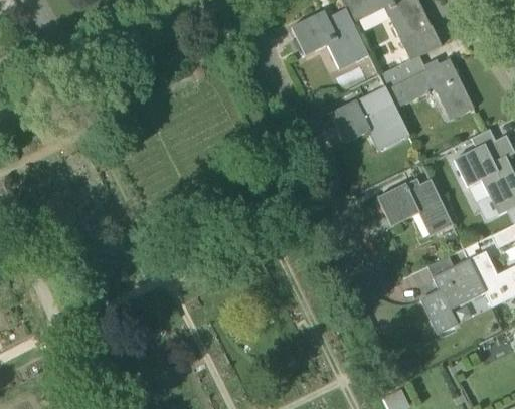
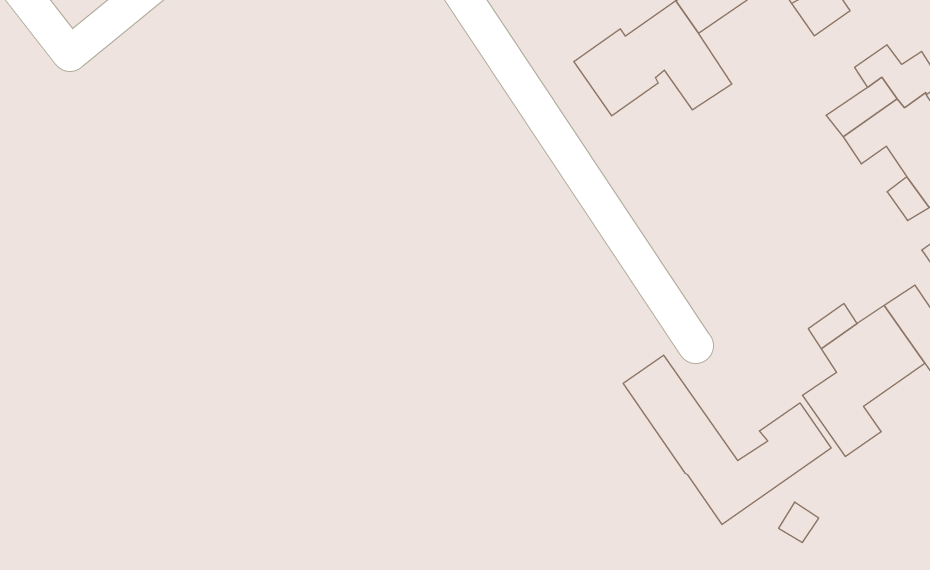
building: [377,180,451,233] -> none
building: none -> [623,355,831,525]

